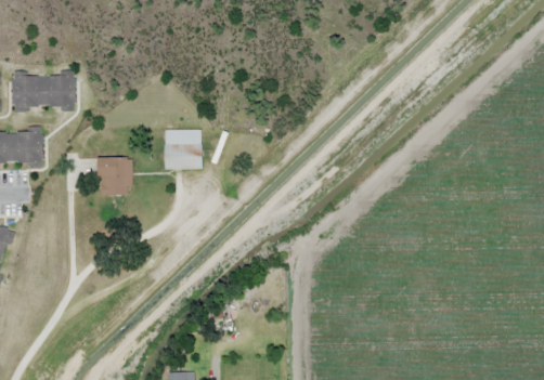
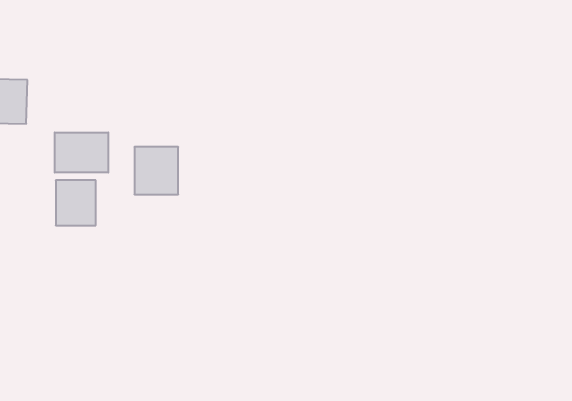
building: none -> [55,132,108,173]

